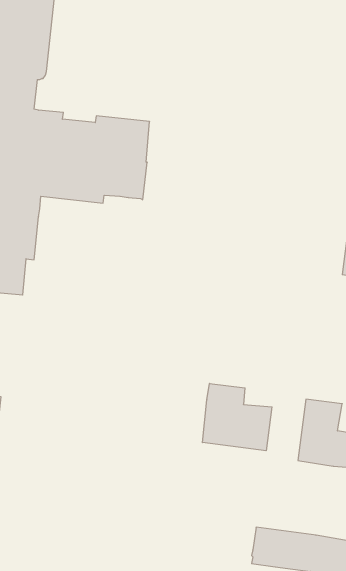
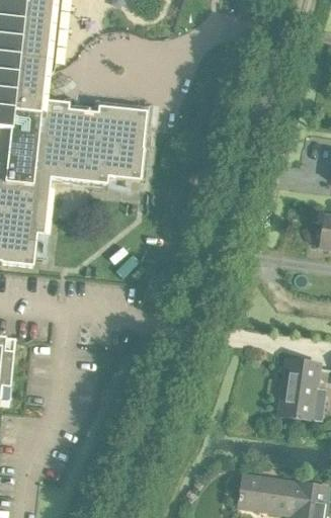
building: [202,383,272,451] -> none

